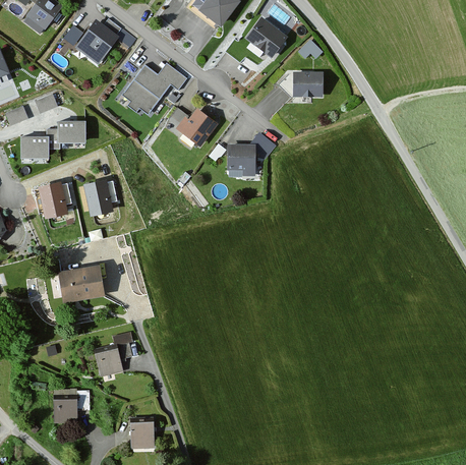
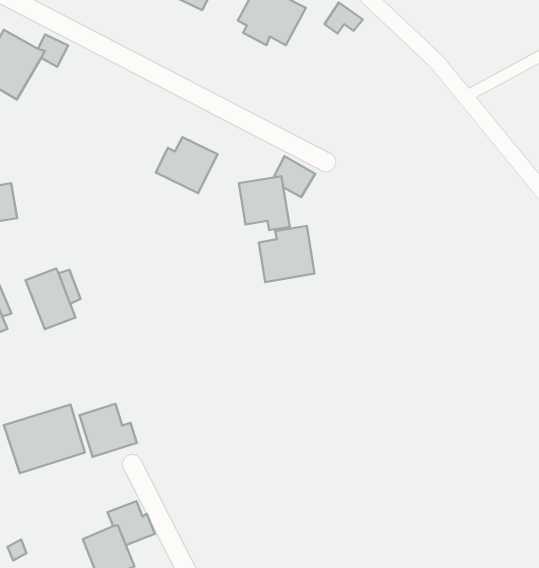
building: [123,63,187,115] -> none
building: [292,74,322,100] -> none
building: none -> [259,226,315,282]
building: none -> [80,404,137,457]

